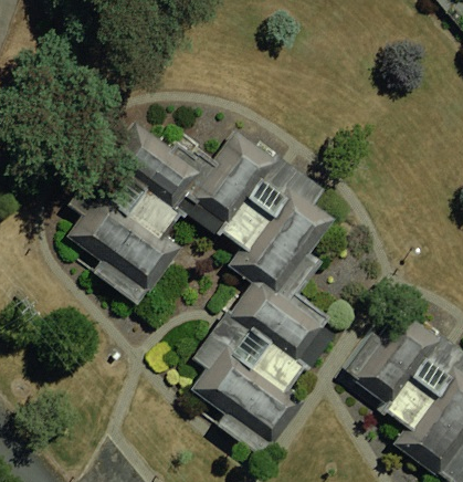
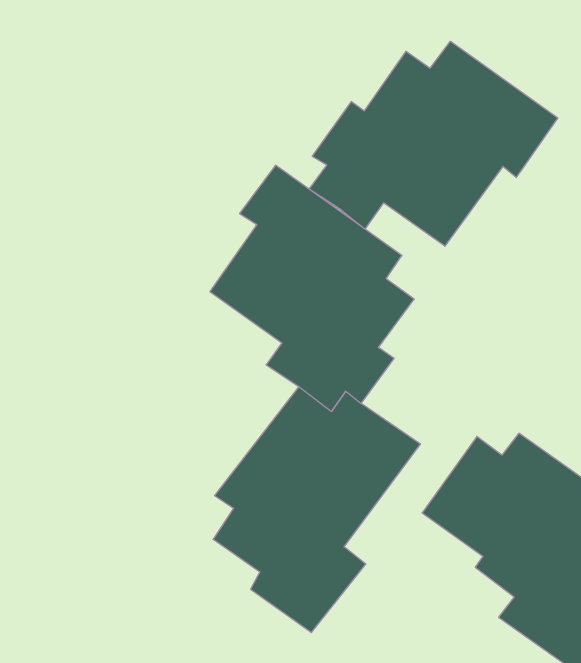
building: none -> [309,41,558,246]
building: [72,118,223,304] -> none

